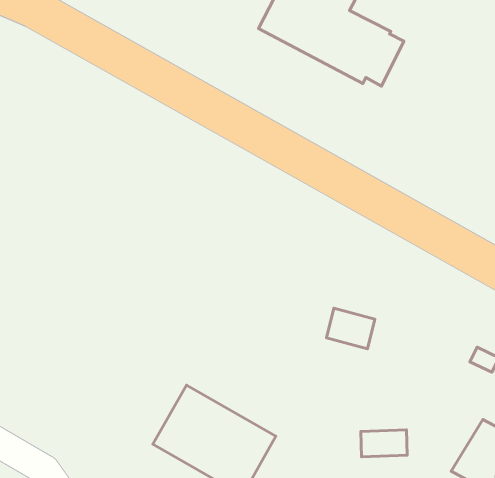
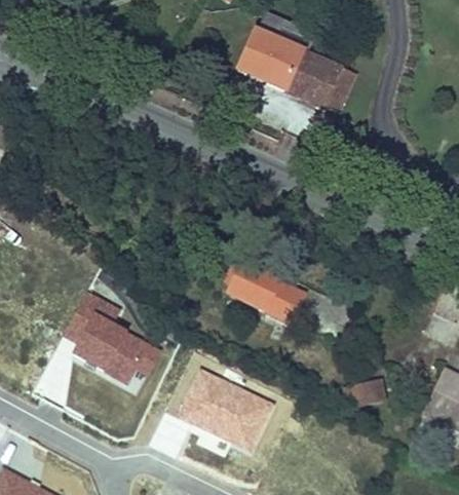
building: none -> [64,287,162,389]
building: none -> [228,277,307,332]

